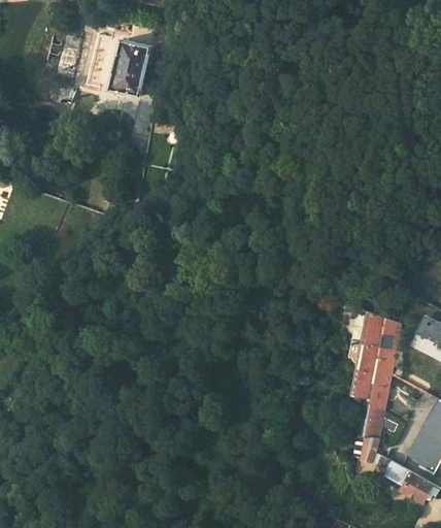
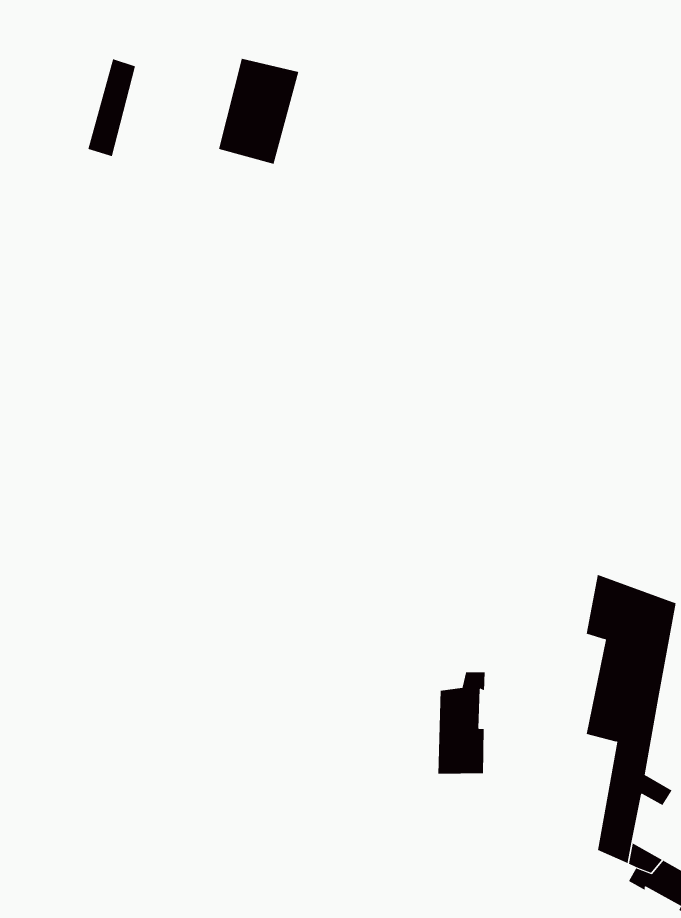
building: [110,39,154,96] -> [218,58,299,165]
building: none -> [438,672,485,774]

